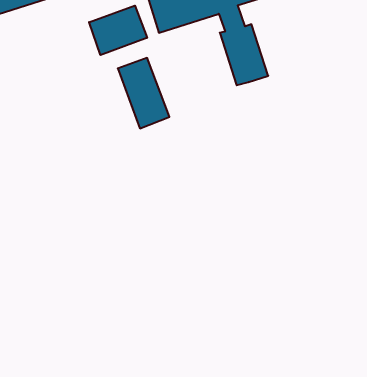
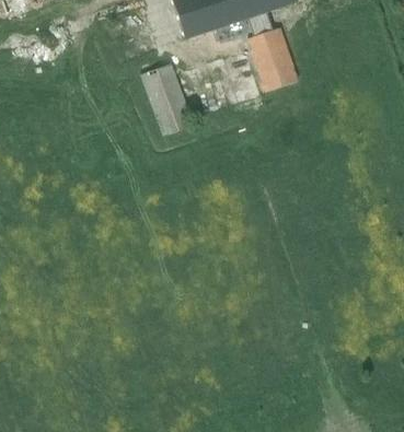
building: [89,6,147,55] -> none

